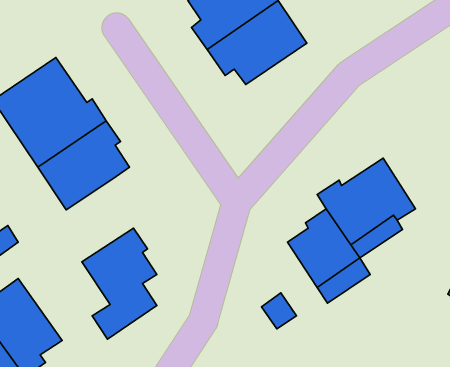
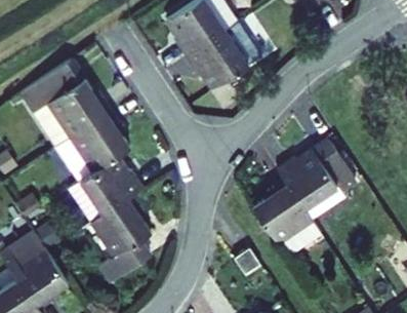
building: none -> [67,157,140,223]

